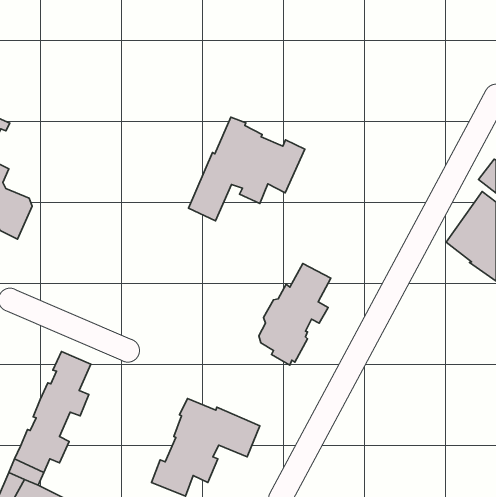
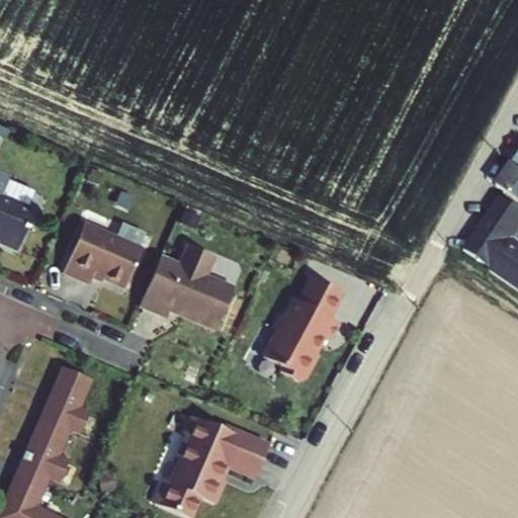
building: [188,117,305,221] -> none
building: none -> [65,223,144,287]
building: none -> [142,242,237,327]

